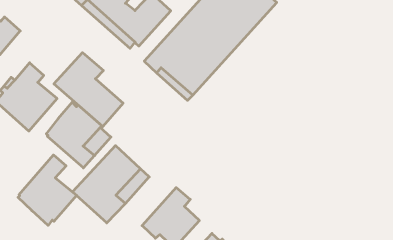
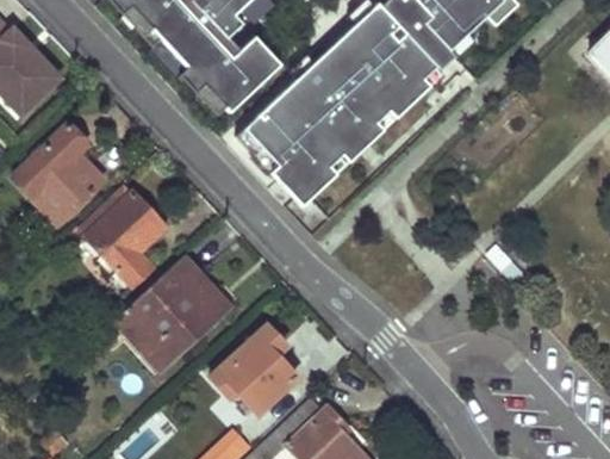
building: [54,53,123,127] -> none
building: [18,155,77,225] -> none

